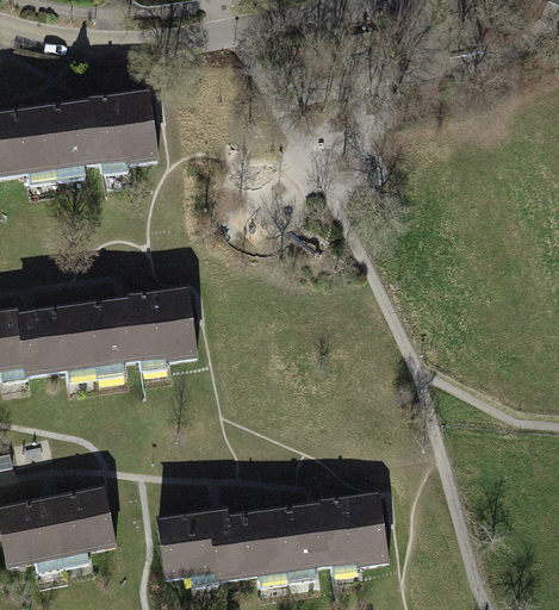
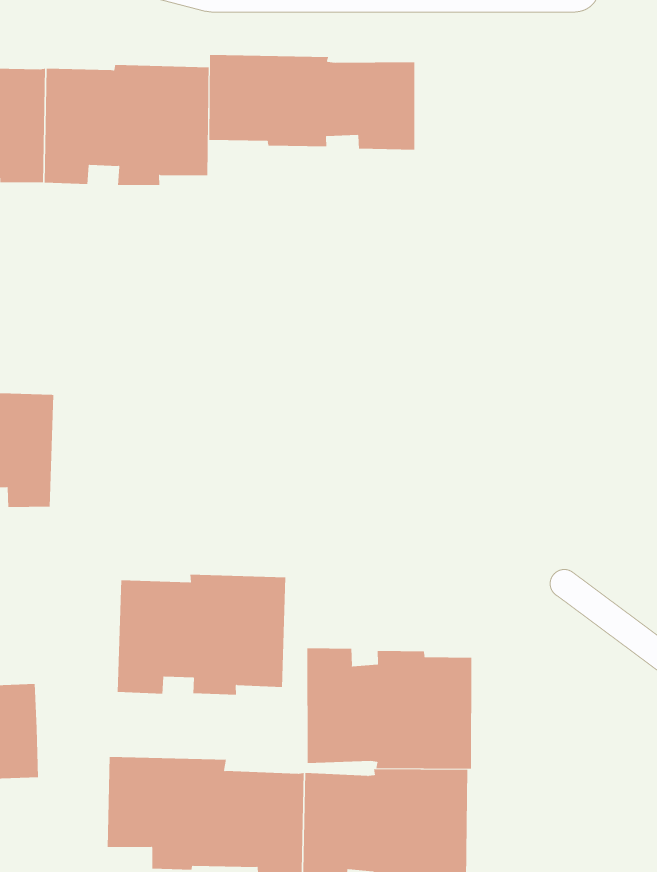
building: none -> [209,54,415,151]
building: [85,286,195,374] -> [117,574,286,695]
building: none -> [307,647,472,770]

